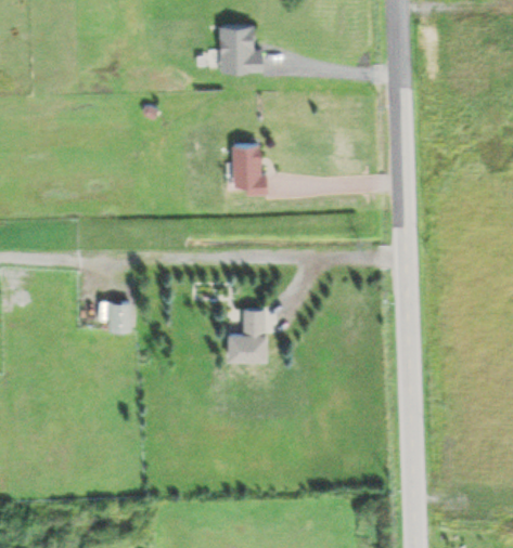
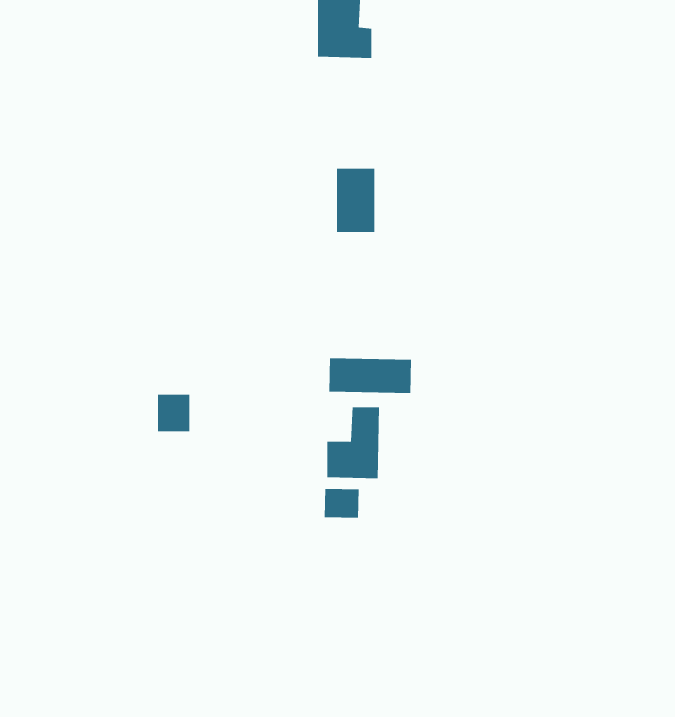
building: none -> [329,357,412,394]
building: none -> [324,488,359,518]

